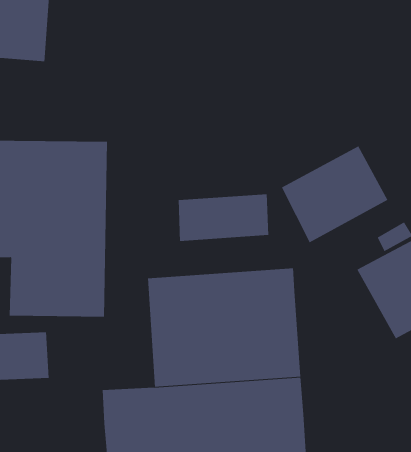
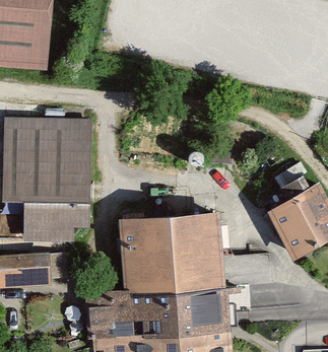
building: [281,145,388,243] -> none
building: [178,193,269,242] -> none

